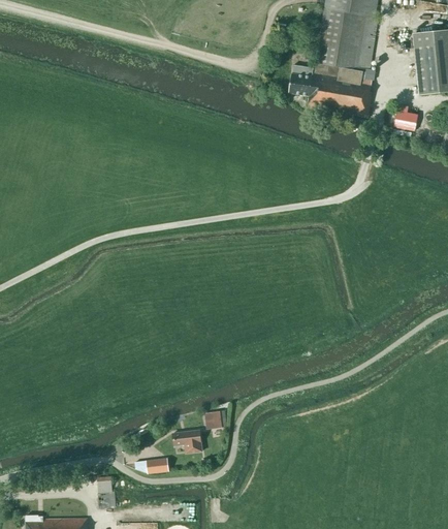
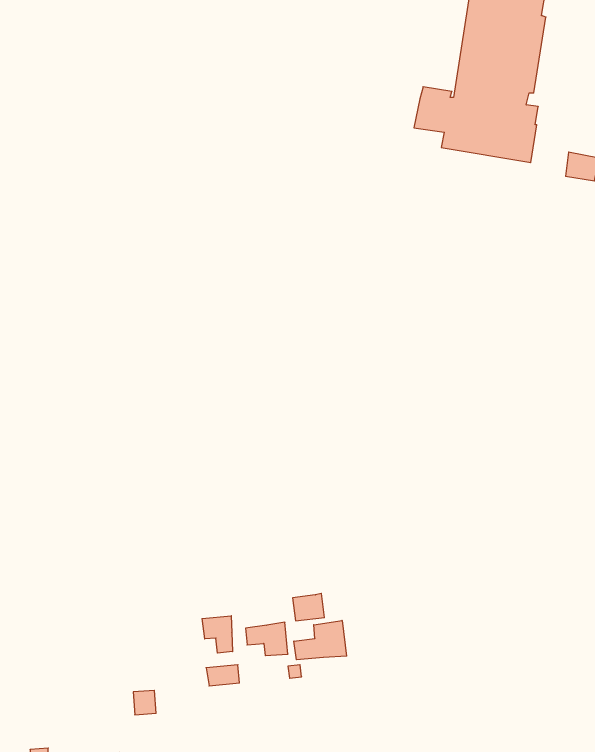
building: none -> [202,616,233,653]
building: none -> [294,620,347,660]

